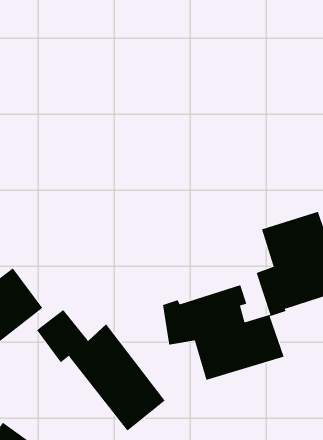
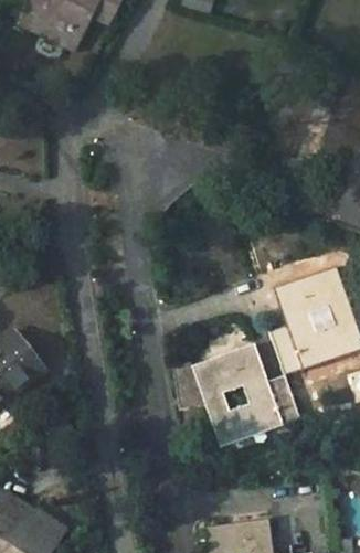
building: [36,309,165,432] -> none

